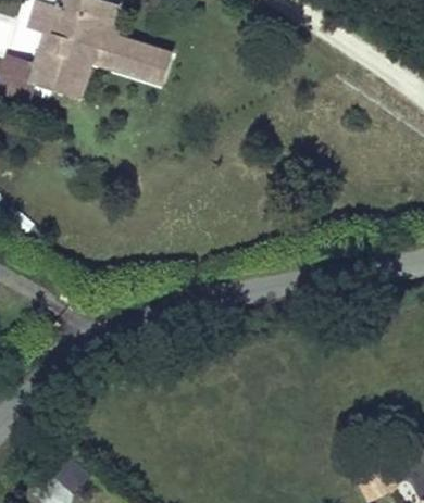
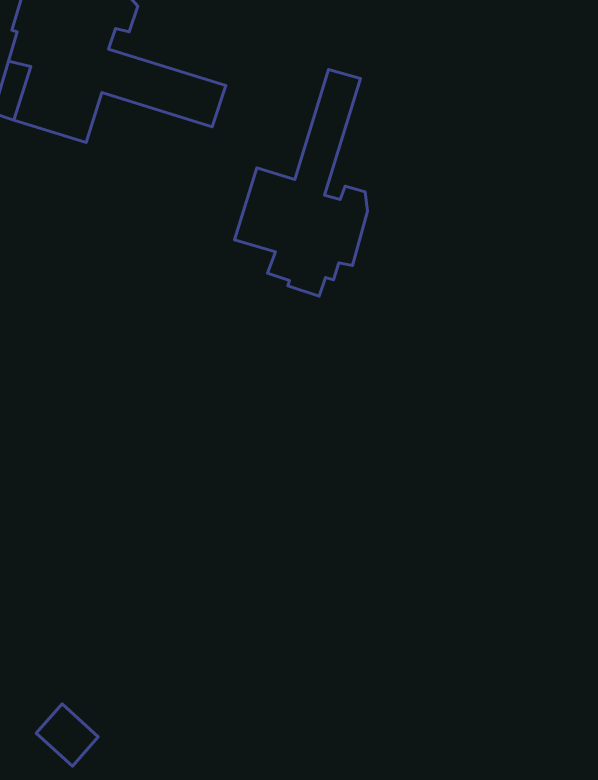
building: none -> [234,70,368,296]

